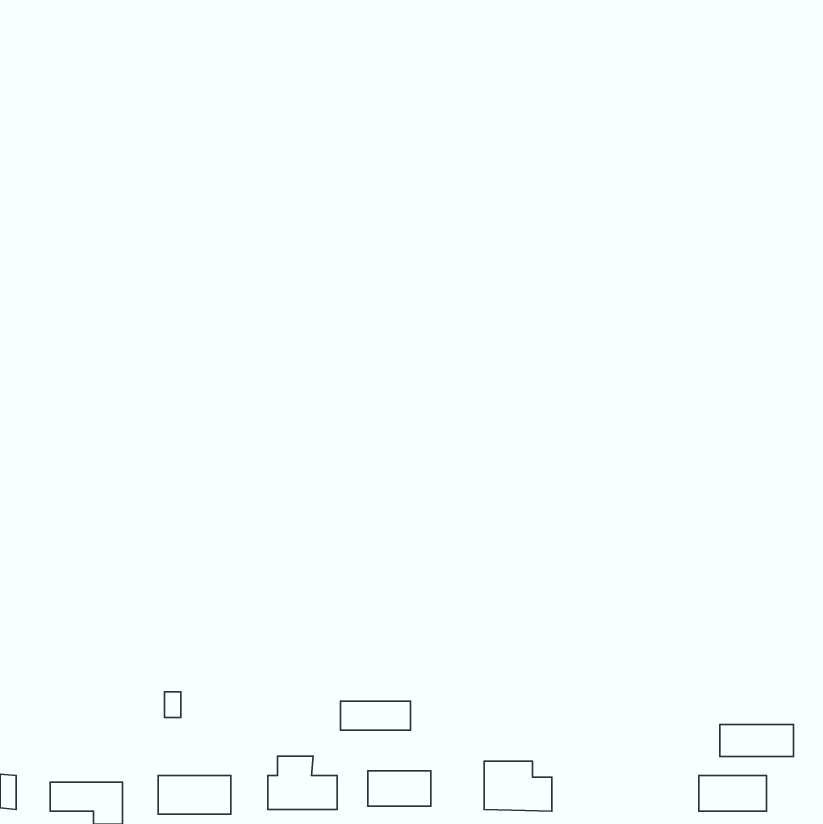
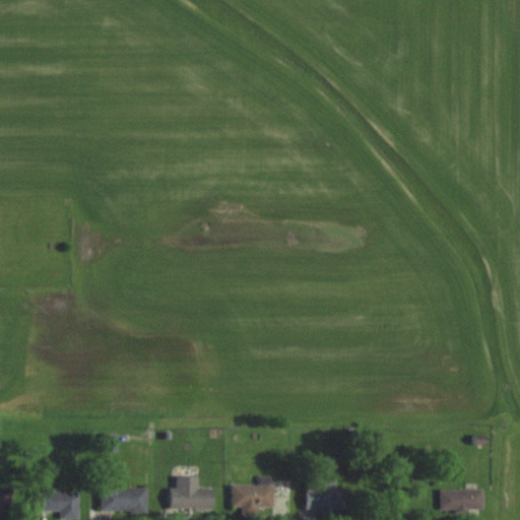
building: [341,701,410,730] -> none
building: [720,724,793,757] -> none

